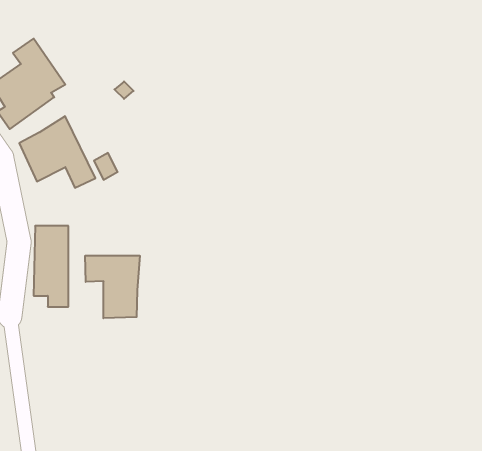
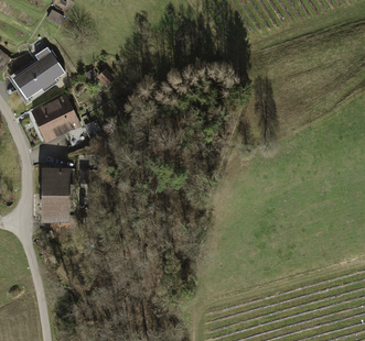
building: [85,256,140,318] -> none

